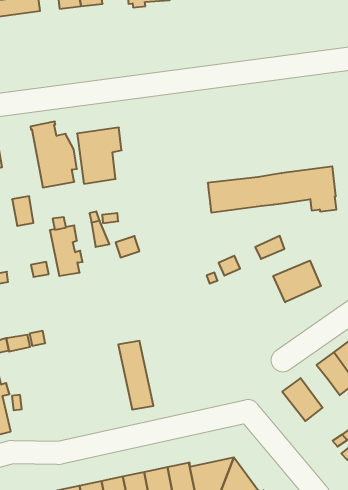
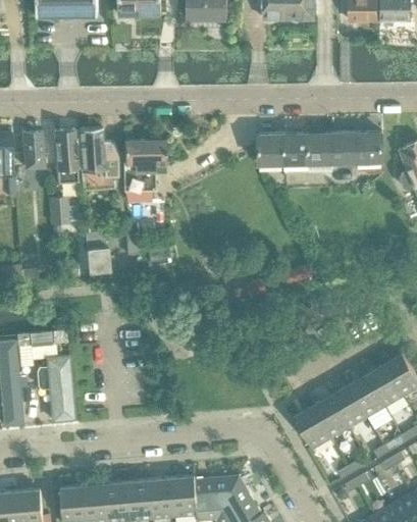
building: none -> [54,128,77,181]
building: [208,166,336,213] -> [259,130,383,173]
building: [273,261,321,302] -> none
building: [118,341,153,409] -> [48,357,75,423]
building: none -> [314,395,351,437]

